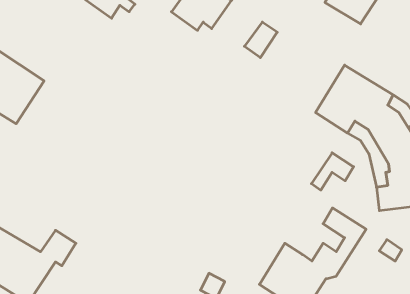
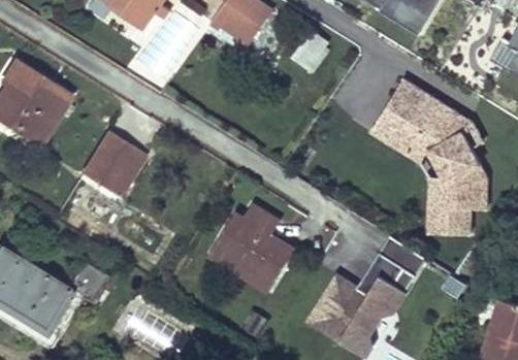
building: none -> [83,132,145,196]
building: [311,153,354,190] -> [355,254,401,295]
building: none -> [215,204,293,290]

